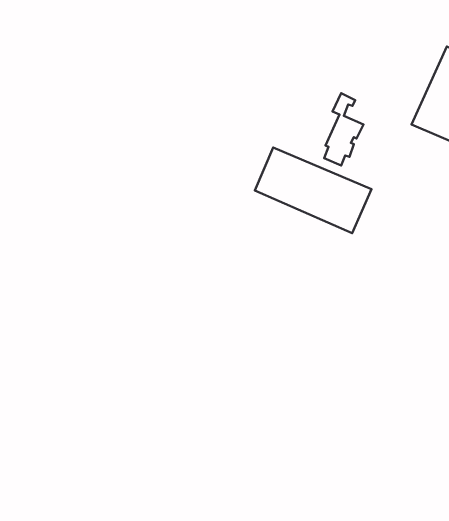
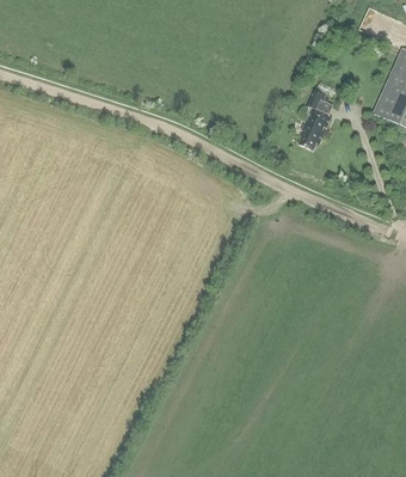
building: [255,147,372,233] -> none

